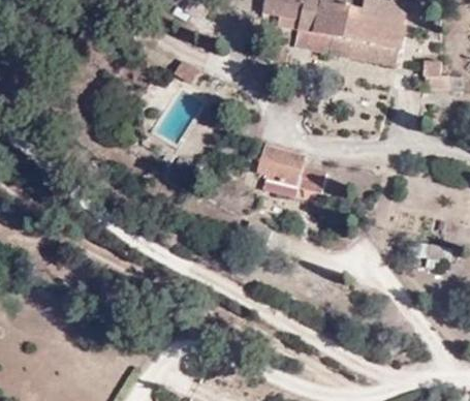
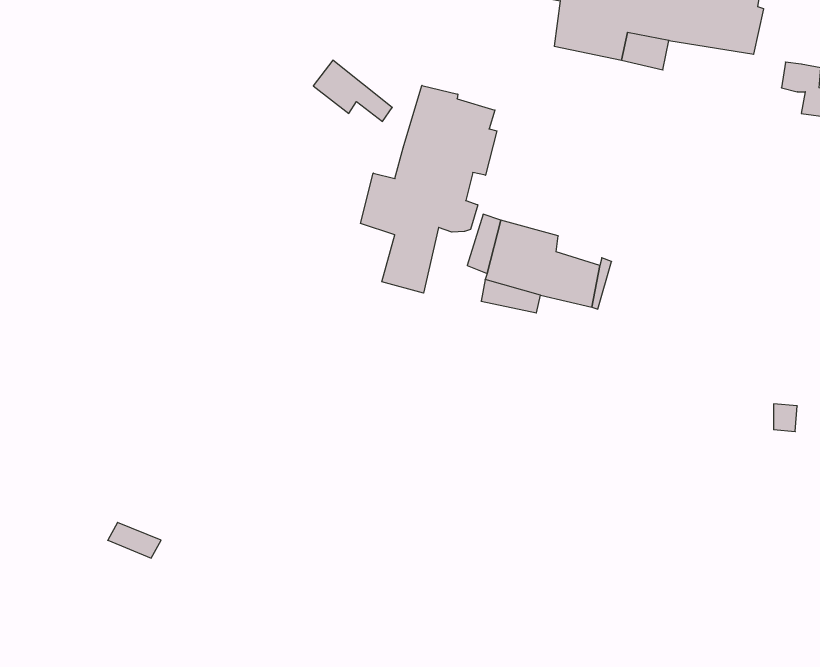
building: none -> [360,85,497,293]

